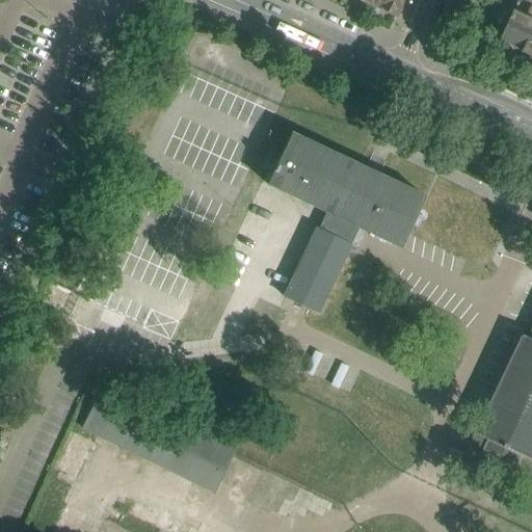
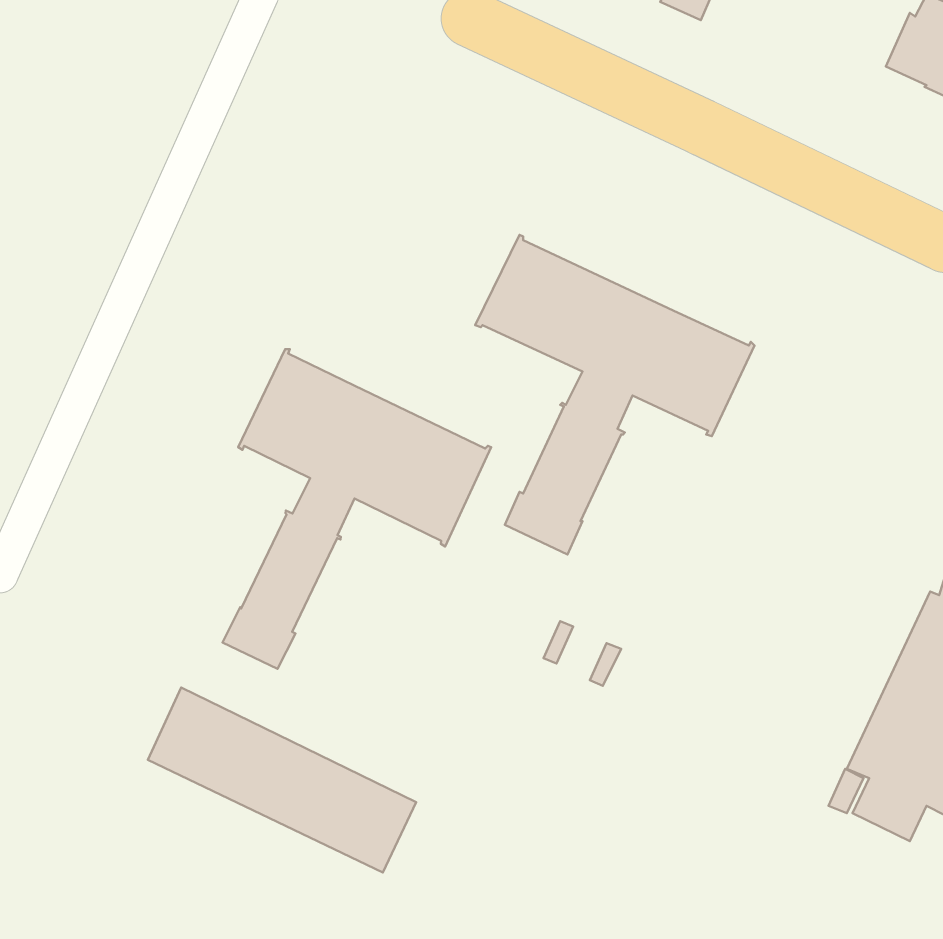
building: none -> [223,349,491,669]

